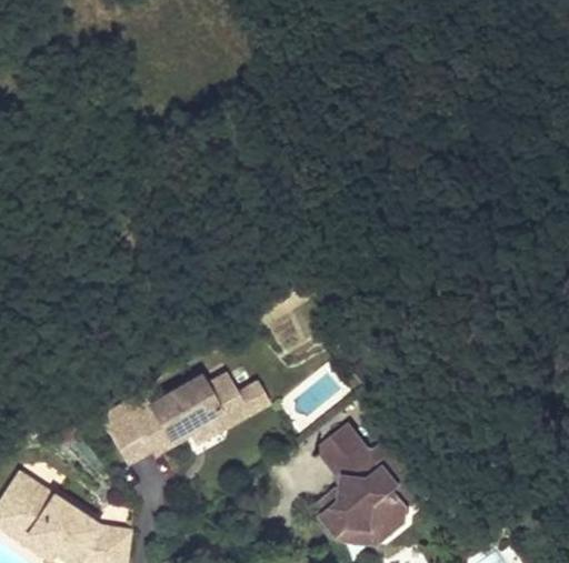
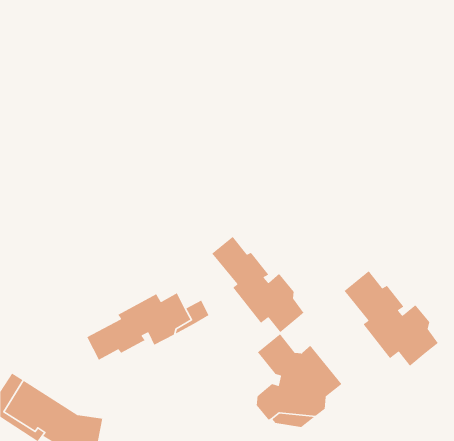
building: none -> [211,236,305,333]
building: none -> [343,270,439,367]

